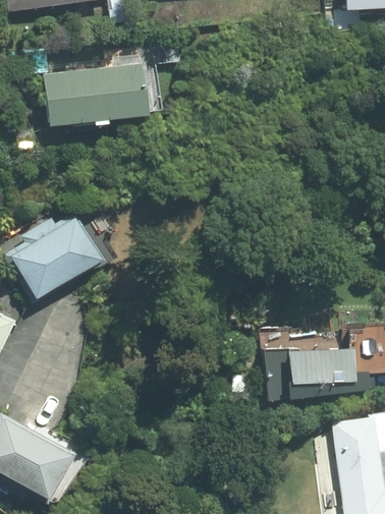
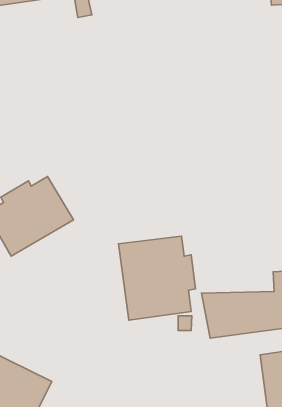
building: [48,62,155,124] -> none
building: none -> [118,236,196,320]

